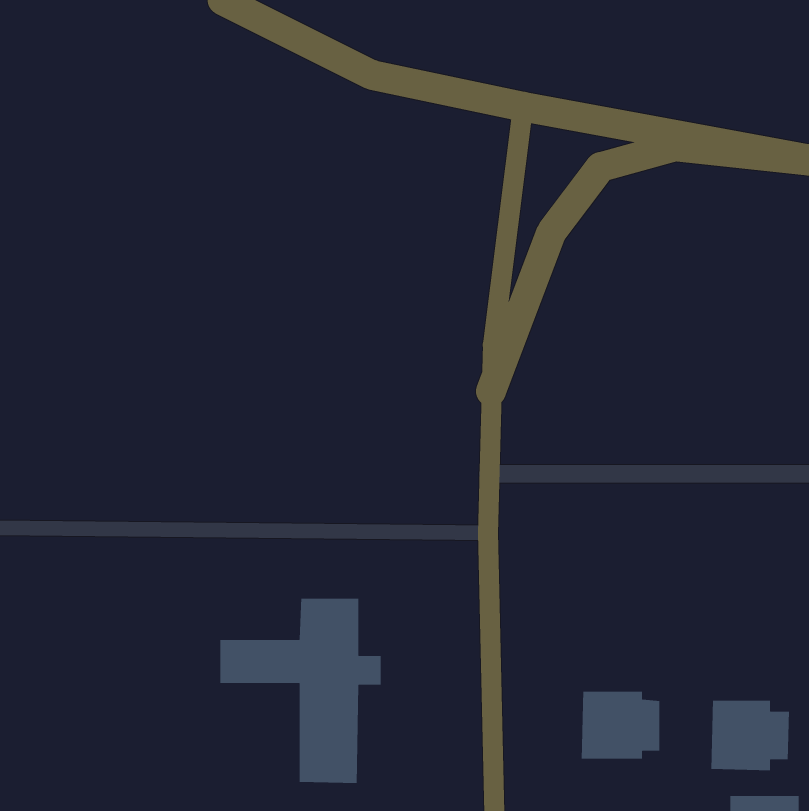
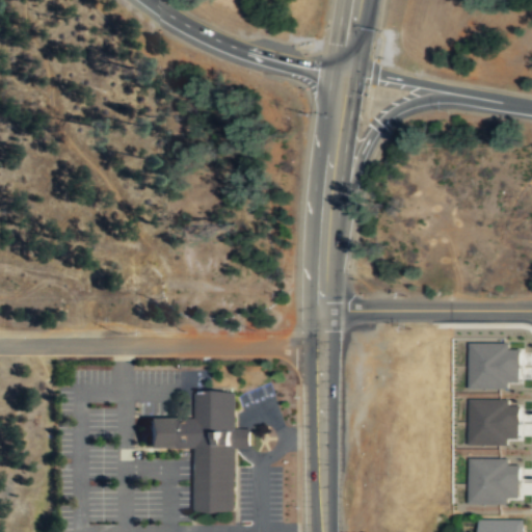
building: none -> [466,343,516,389]
building: [581,691,660,759] -> [464,400,516,445]

